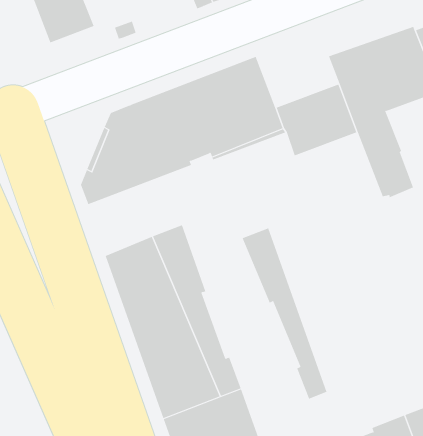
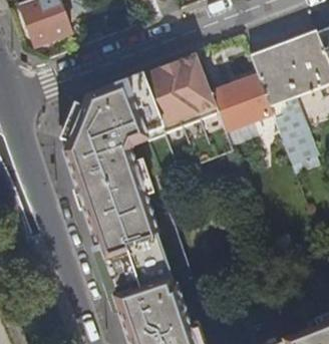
building: none -> [68,136,148,206]
building: [242,227,327,399] -> none

